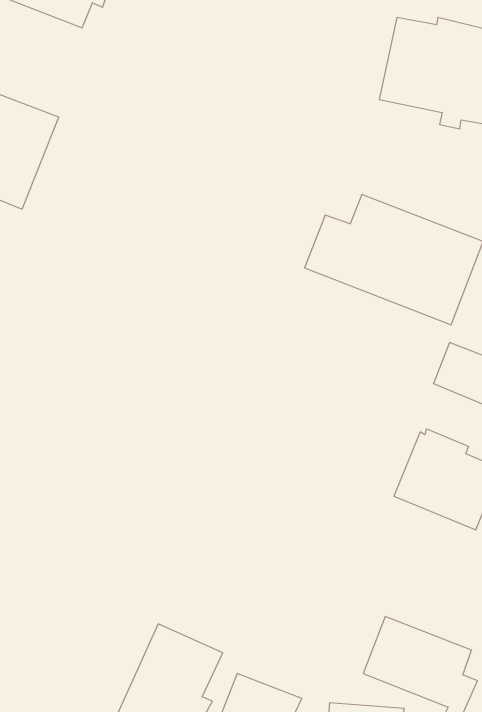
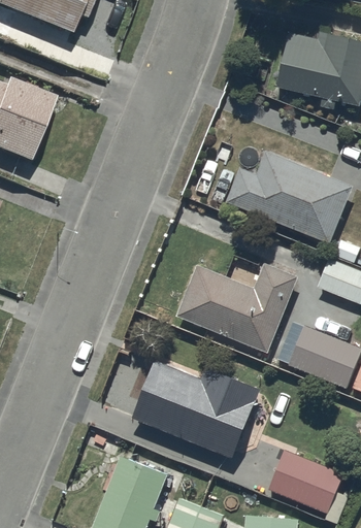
building: none -> [176,263,298,354]
building: none -> [132,361,258,459]

